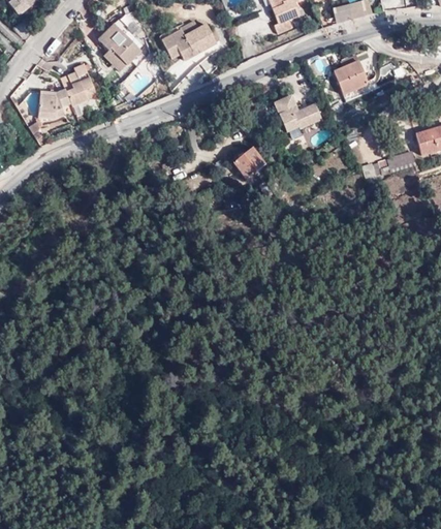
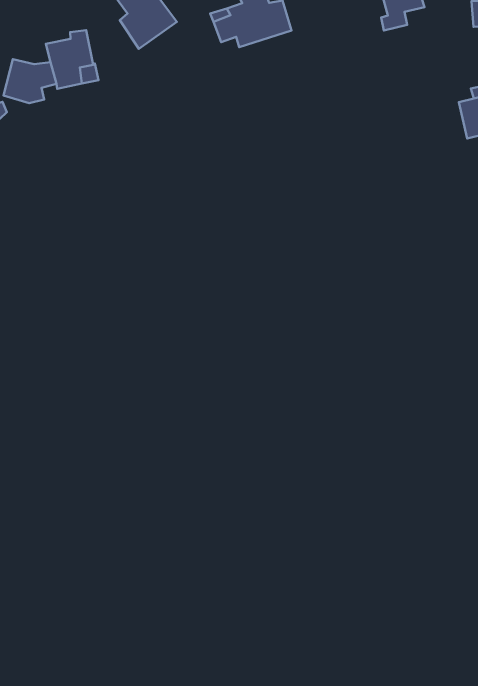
building: [275,94,322,131] -> none
building: [234,147,265,178] -> none

